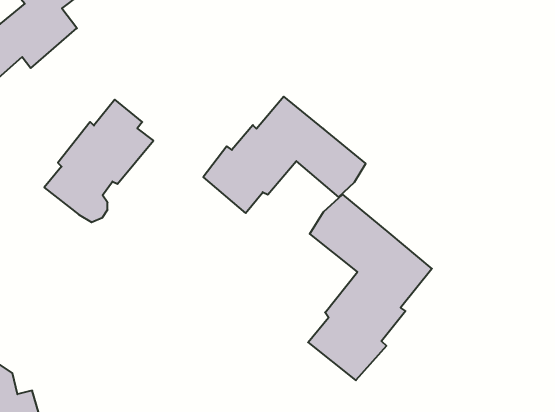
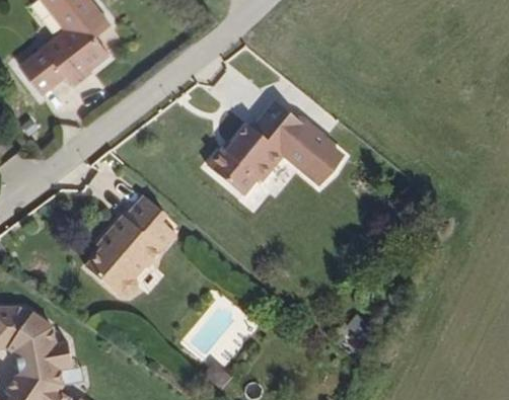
building: [44,100,153,222] -> [81,202,170,302]
building: [308,195,432,380] -> none

